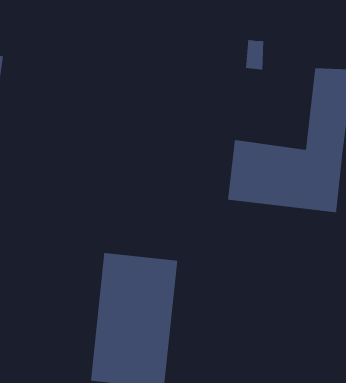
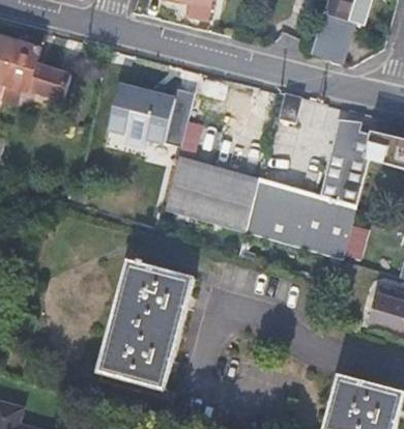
building: none -> [109,85,197,148]
building: none -> [167,156,259,231]

